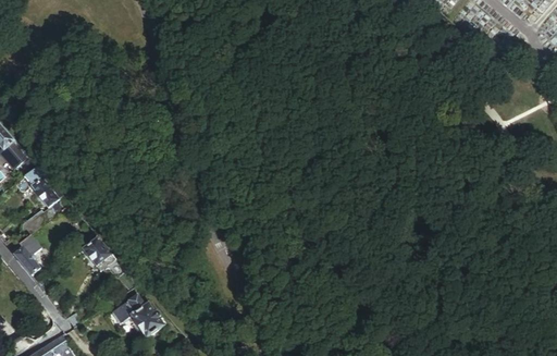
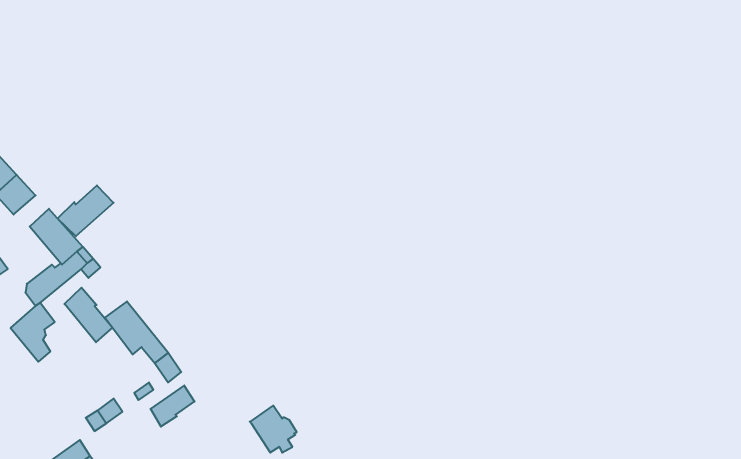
building: none -> [57,185,114,236]
building: none -> [64,288,112,342]
building: [131,303,165,337] -> [250,406,297,453]

